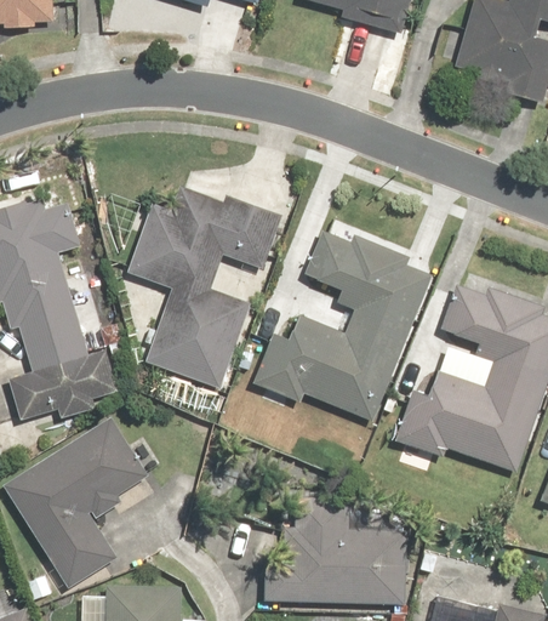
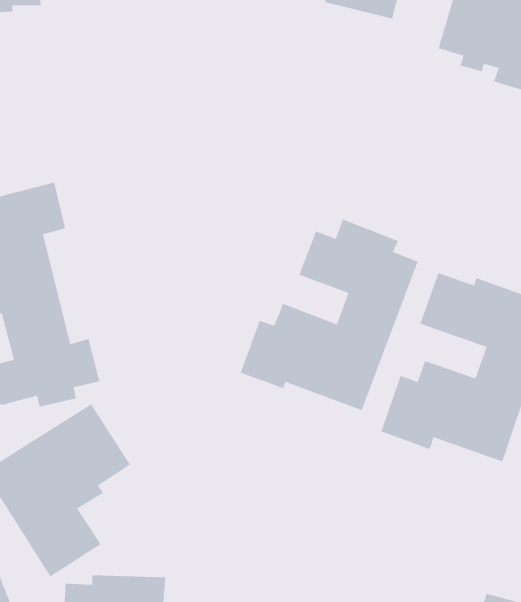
building: [129,188,287,388] -> none
building: [262,496,406,604] -> none

